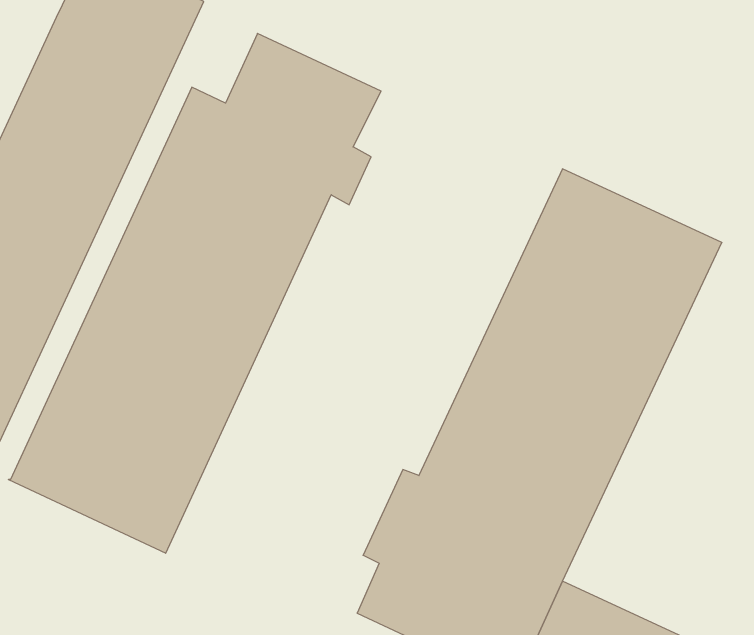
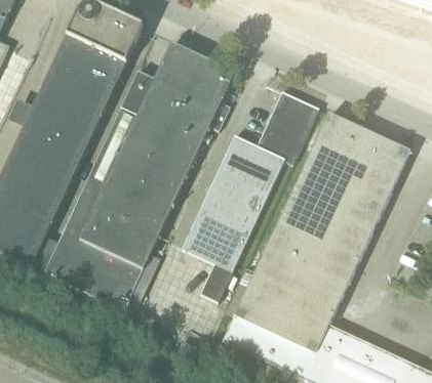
building: none -> [184,88,319,299]

